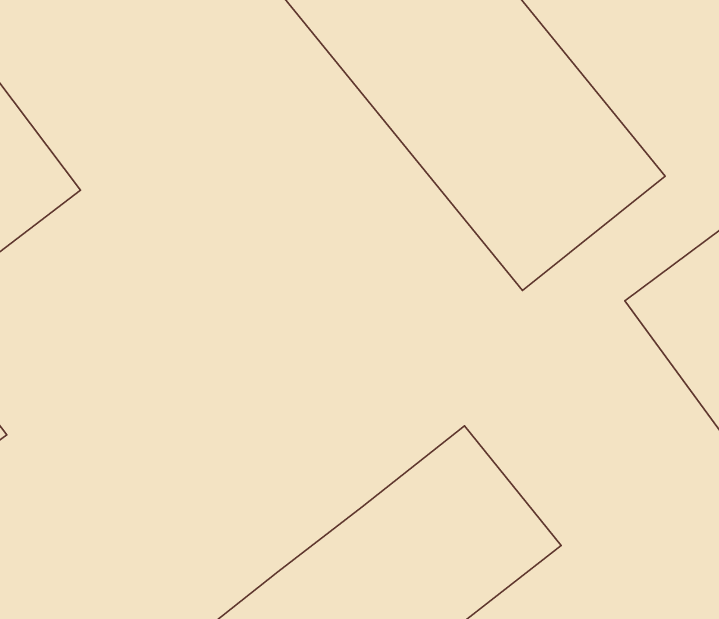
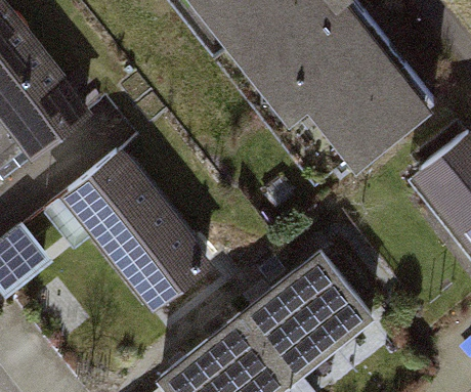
building: none -> [60,148,214,316]

